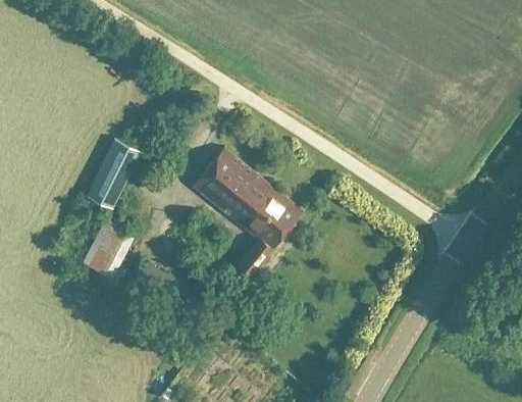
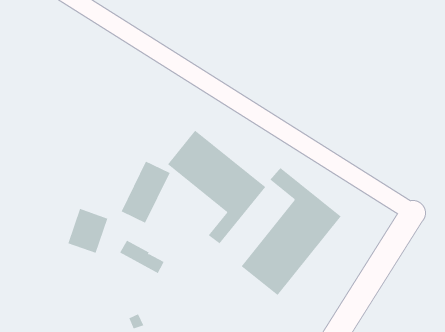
building: [86,139,141,208] -> [121,161,171,224]
building: none -> [241,167,342,296]

